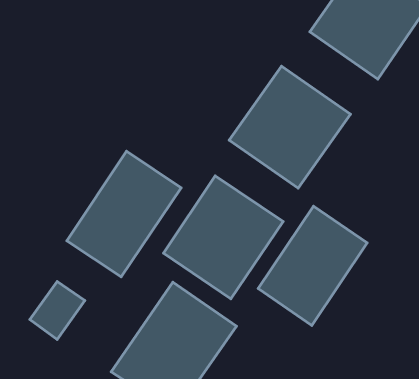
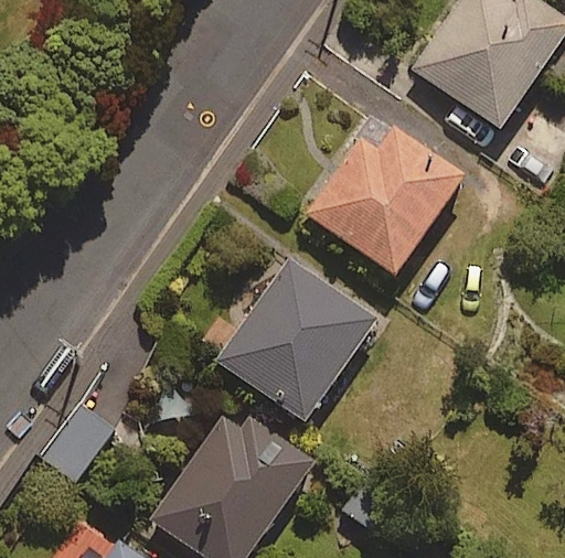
building: [67,151,181,277] -> none
building: [258,206,367,325] -> none

